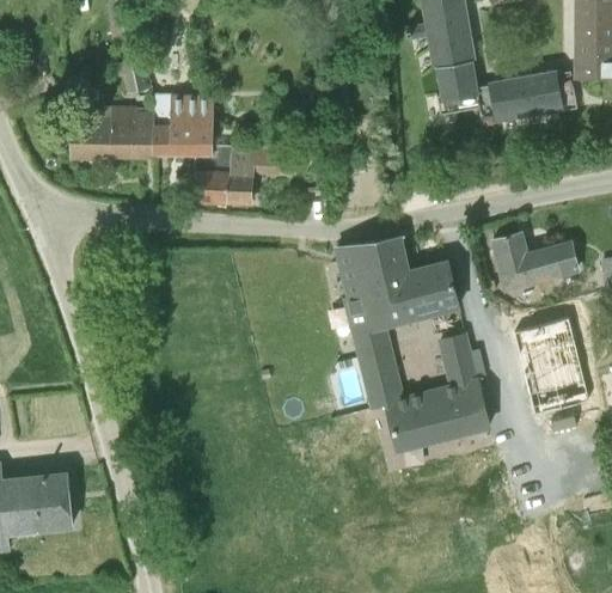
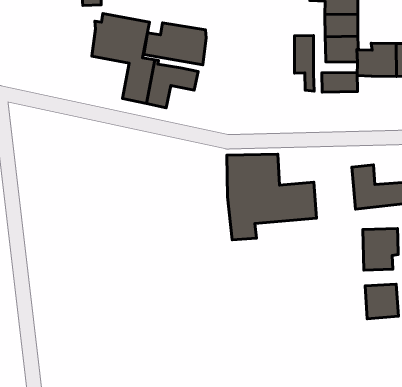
building: none -> [295,36,314,91]
building: [73,109,148,153] -> [144,23,206,65]
building: none -> [322,72,357,92]
building: [356,331,491,452] -> none

